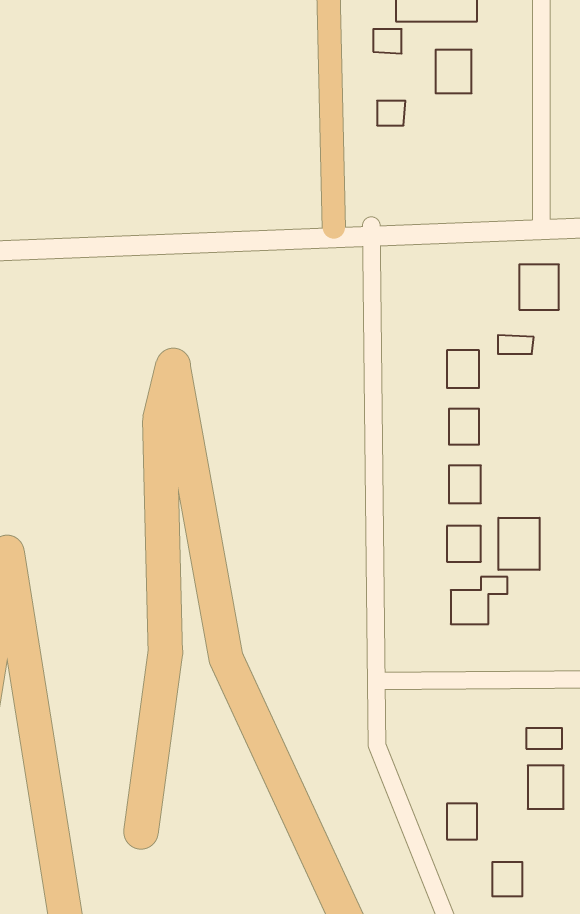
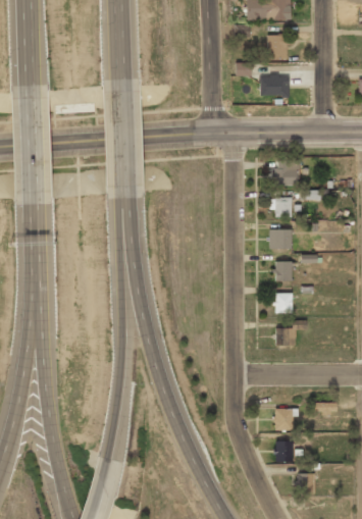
building: none -> [260,75,289,97]
building: [519,264,559,310] -> [277,160,299,185]
building: [498,518,540,570] -> none
building: [528,765,564,809] -> [274,407,294,430]

